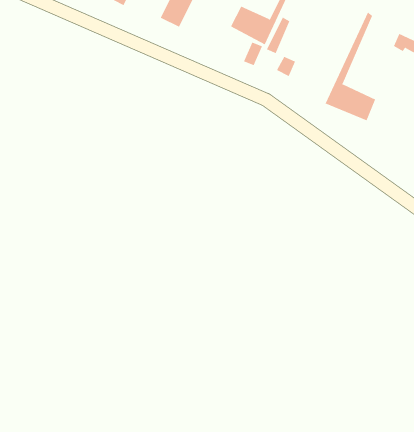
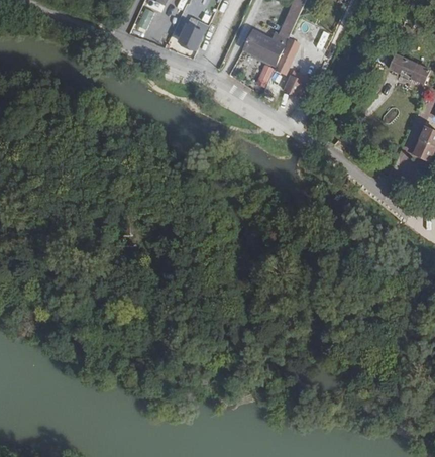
building: [325,12,376,121] -> none

